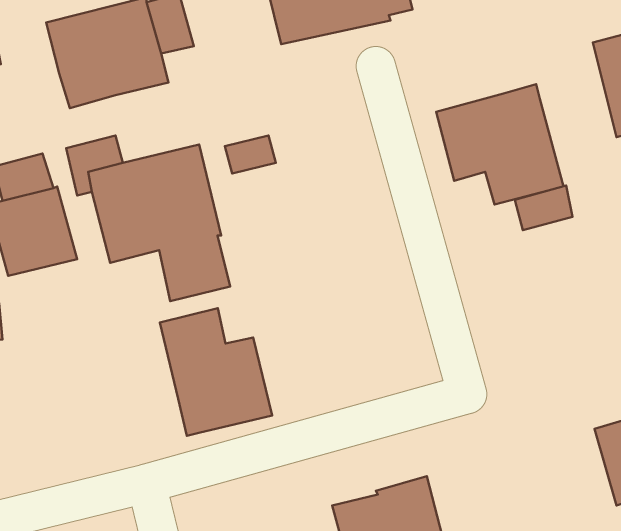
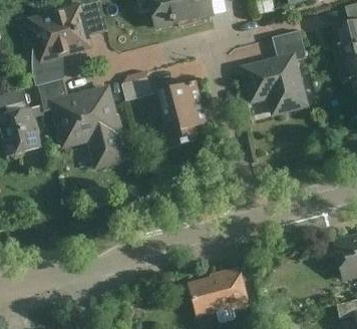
building: none -> [273,29,307,58]
building: none -> [32,44,64,85]
building: none -> [161,86,210,148]
building: [515,186,573,230] -> none
building: [160,308,272,436] -> none

